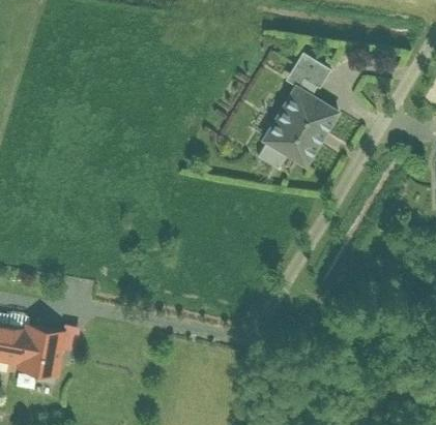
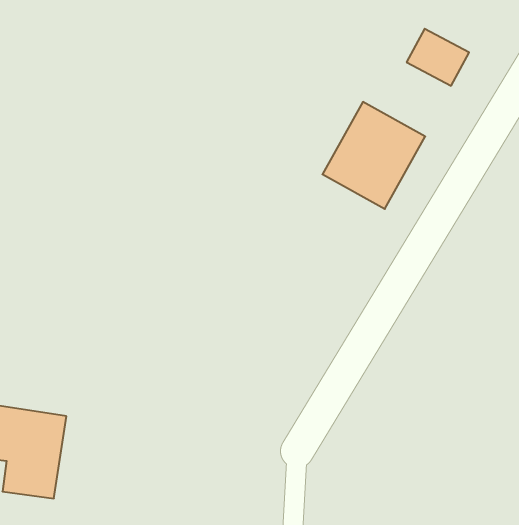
building: [286,54,332,96] -> [407,29,469,86]

